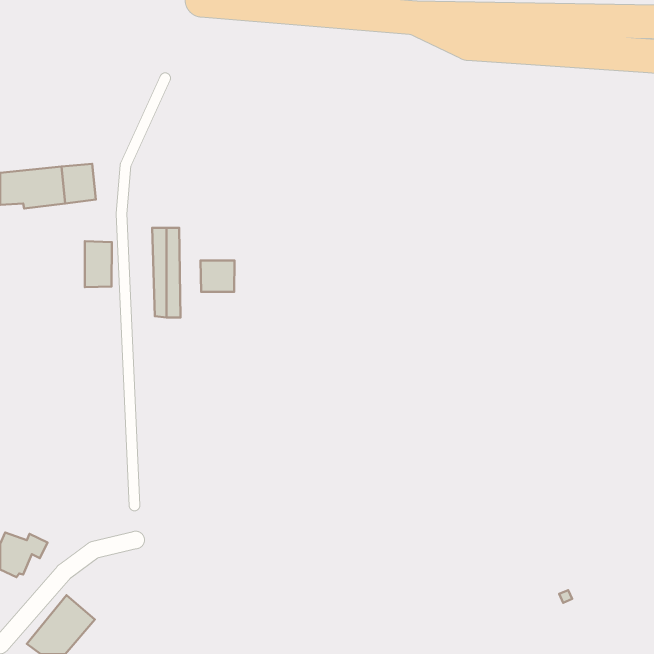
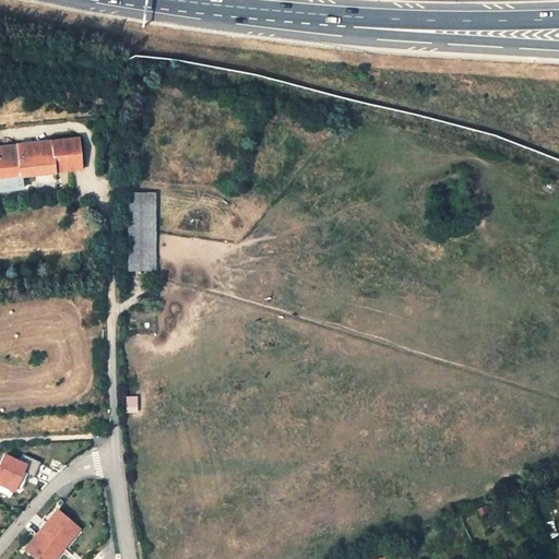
building: [85,241,112,287] -> none
building: [201,261,235,292] -> none

